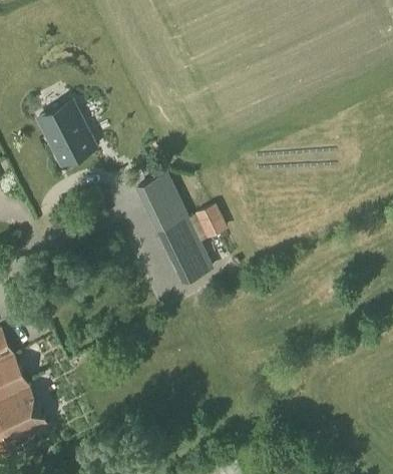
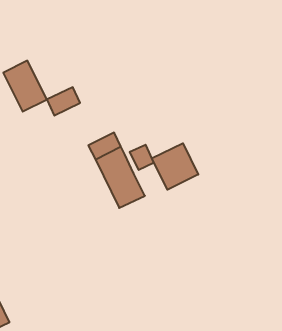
building: [135,172,176,207] -> [47,87,80,116]
building: none -> [152,143,198,190]

